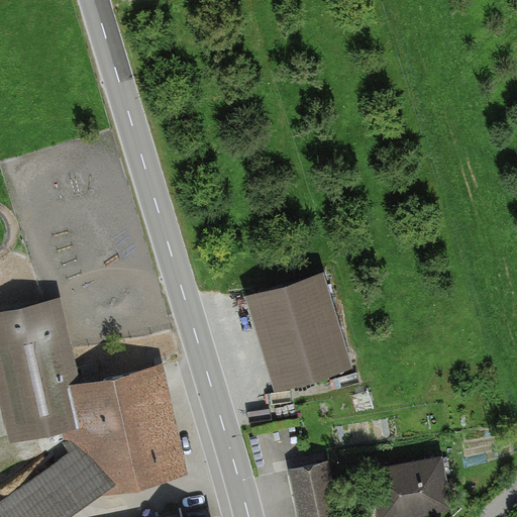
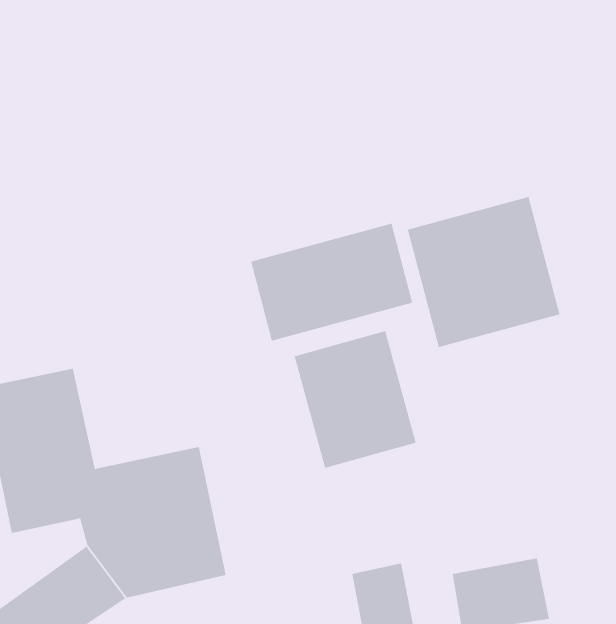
building: none -> [407,196,560,348]
building: none -> [251,223,413,342]

